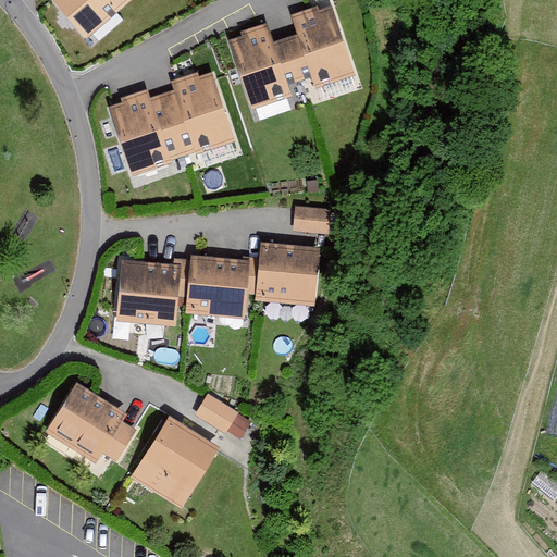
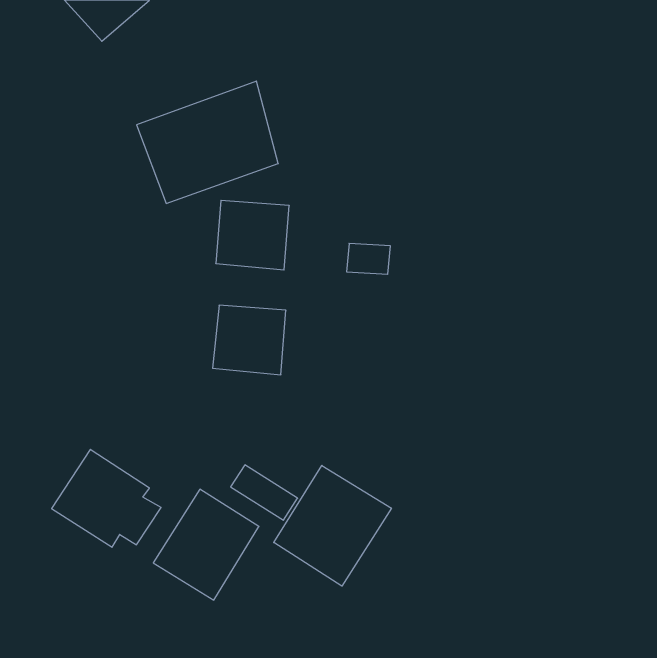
building: [236,7,354,102] -> none
building: [250,246,312,305] -> [216,200,289,270]
building: [108,264,170,323] -> none
building: none -> [274,465,391,586]

